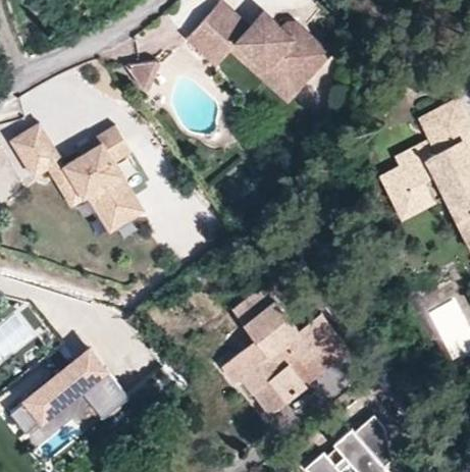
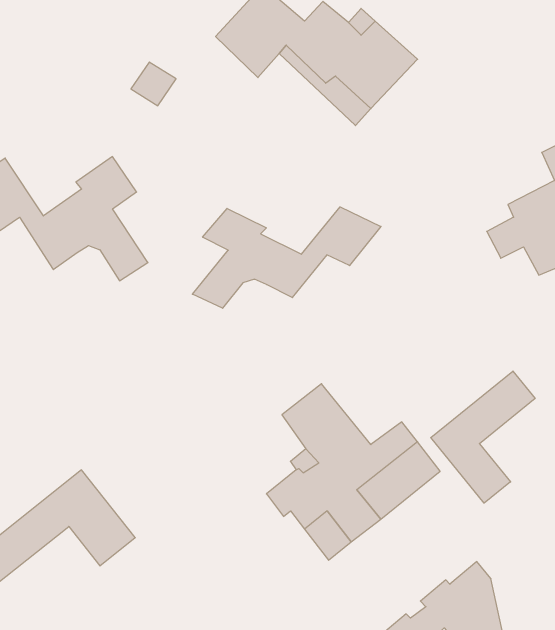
building: none -> [192,207,381,308]
building: [87,189,144,231] -> none
building: none -> [431,371,535,503]

